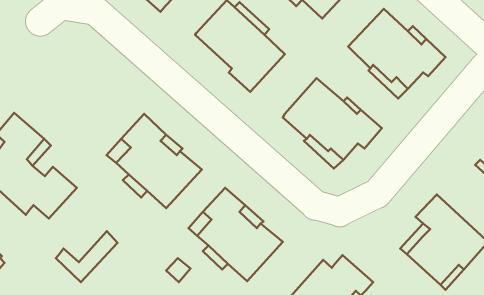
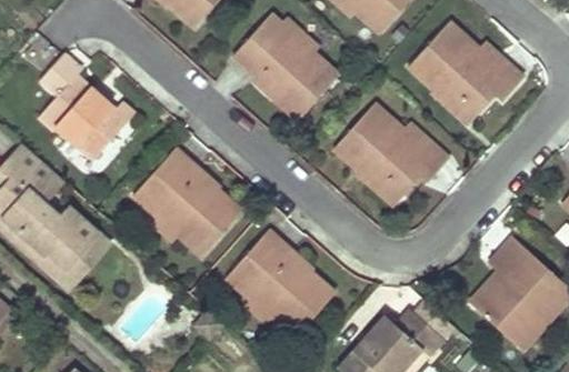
building: none -> [39,51,134,157]
building: [56,231,117,282] -> [38,230,109,289]

